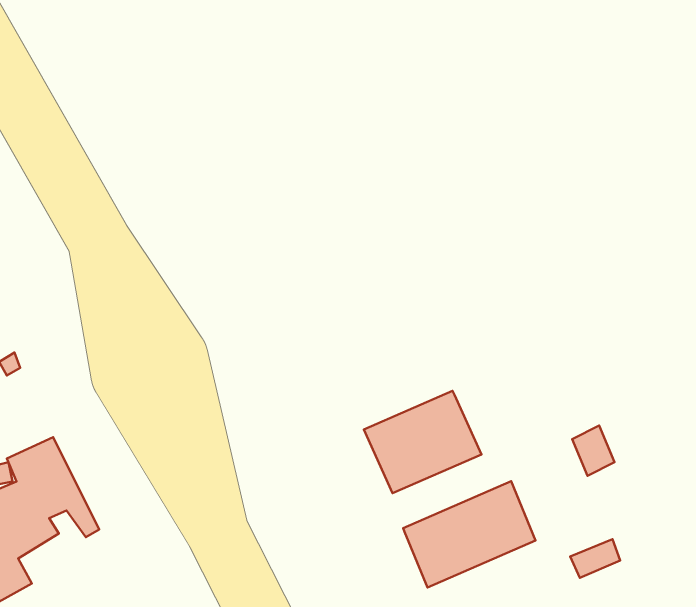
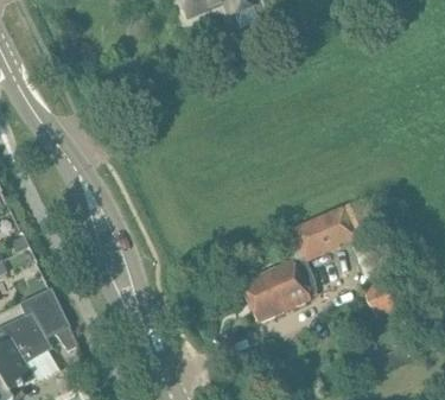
building: none -> [294,207,357,258]
building: [403,481,535,588] -> none

